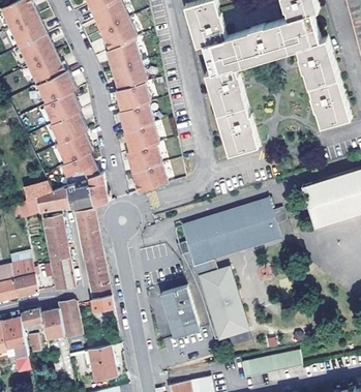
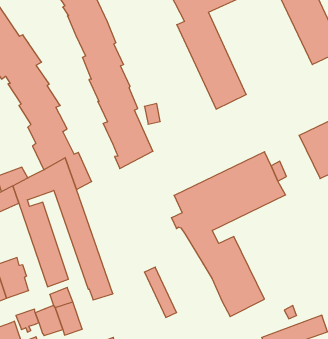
building: [160,287,199,337] -> none

